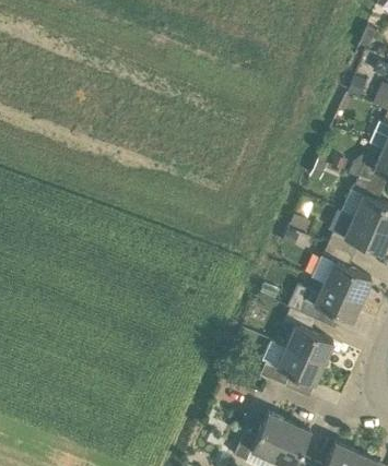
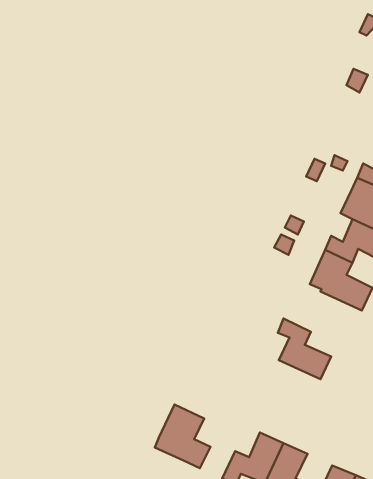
building: [290,283,362,322] -> none
building: [260,346,324,386] -> none
building: none -> [155,404,211,468]

